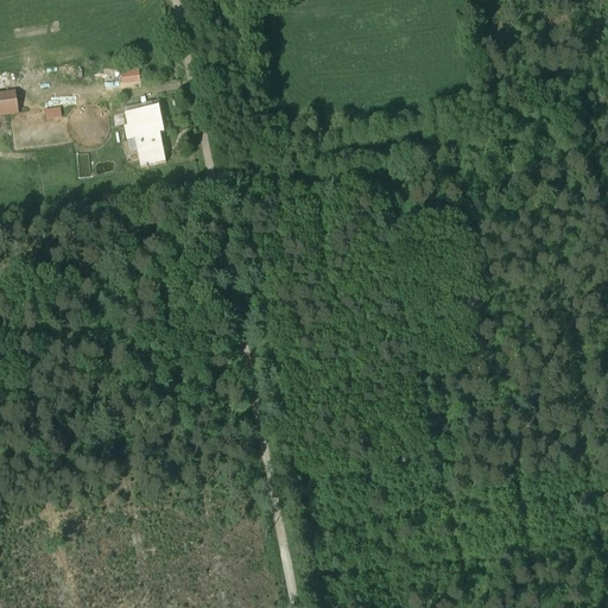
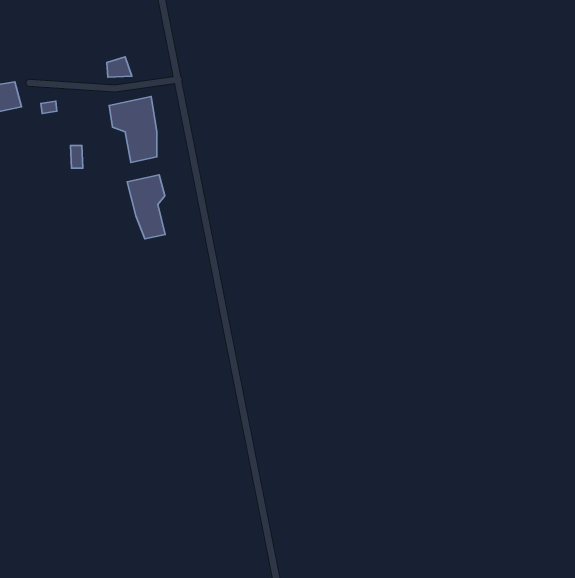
building: none -> [127,175,165,239]

